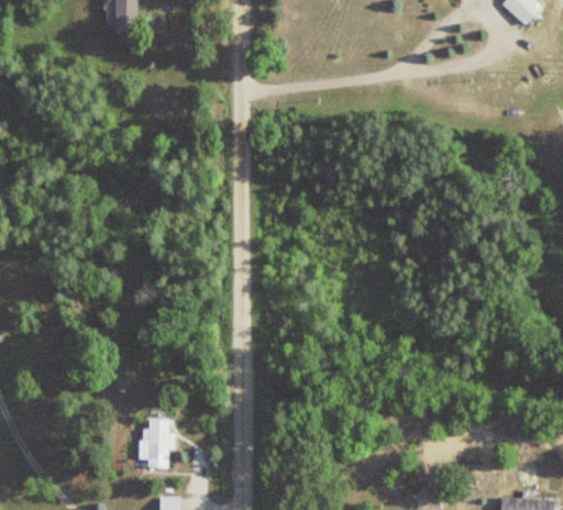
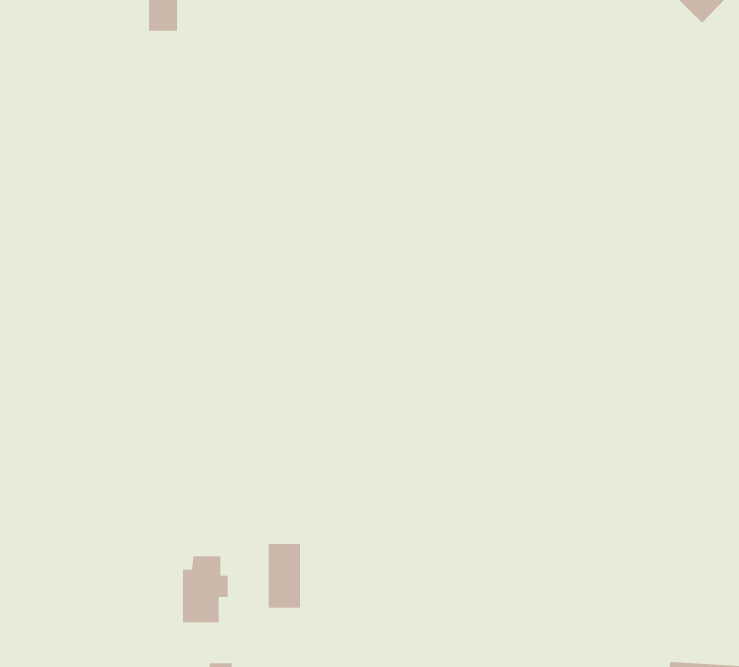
building: none -> [268,543,300,609]

